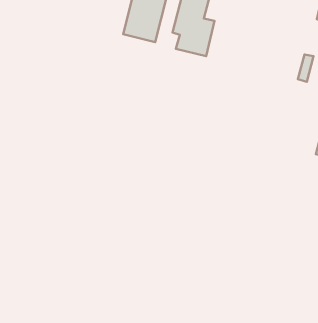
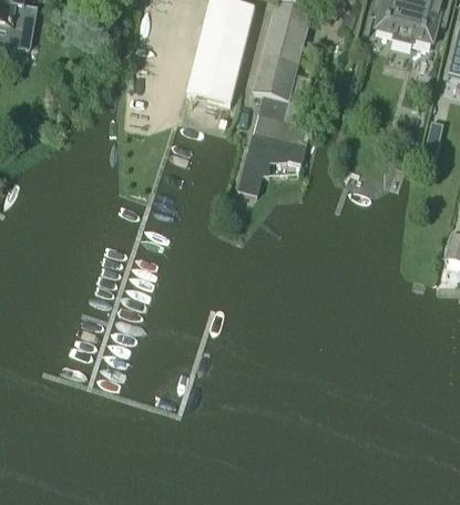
building: none -> [237,112,310,193]

